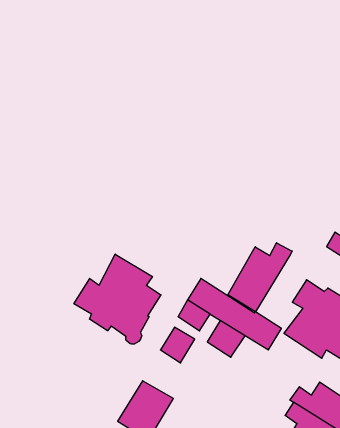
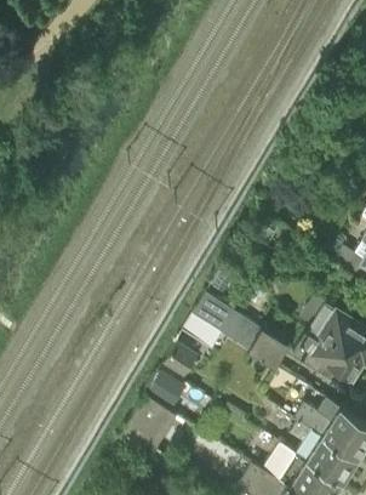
building: [228,243,292,312] -> none
building: [74,254,161,344] -> none
building: [207,320,245,357] -> [151,368,190,405]

